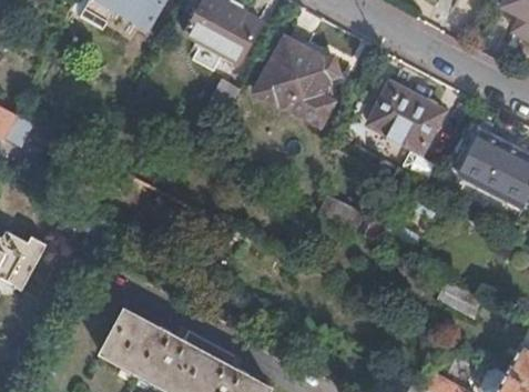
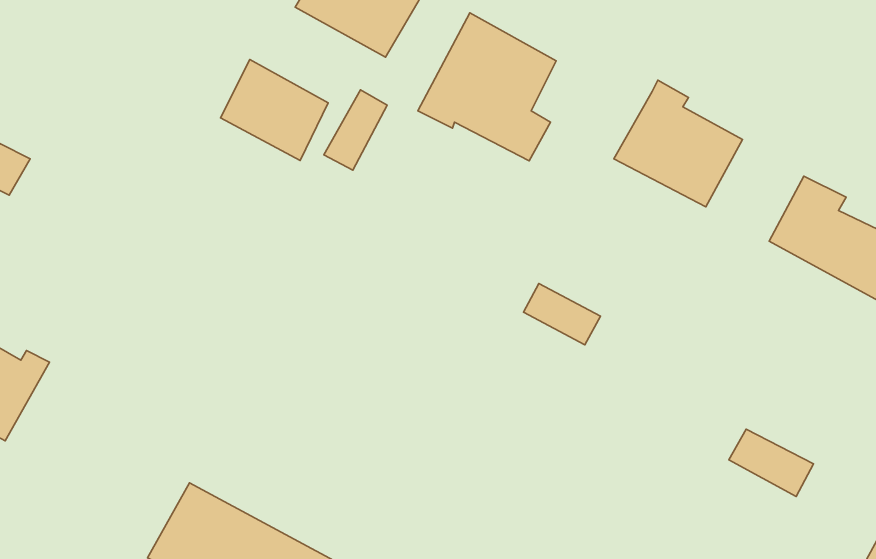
building: none -> [221,60,328,160]

